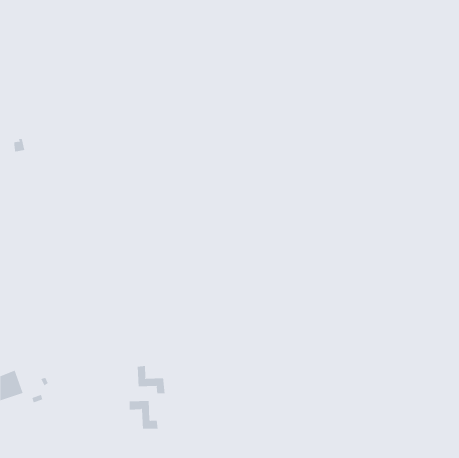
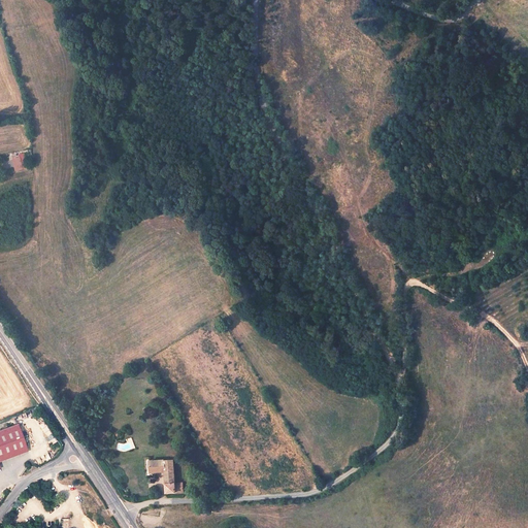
building: [137,365,165,394] -> none

